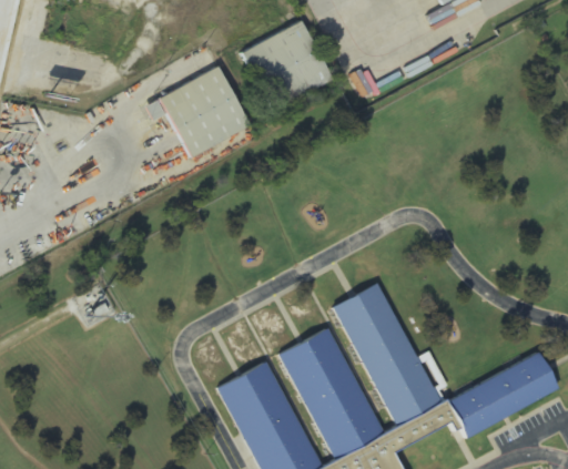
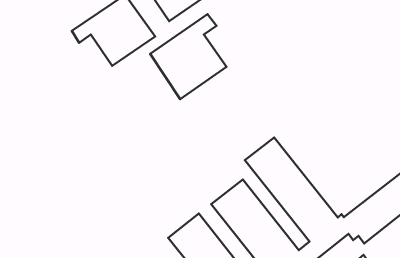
building: none -> [150,14,227,99]

